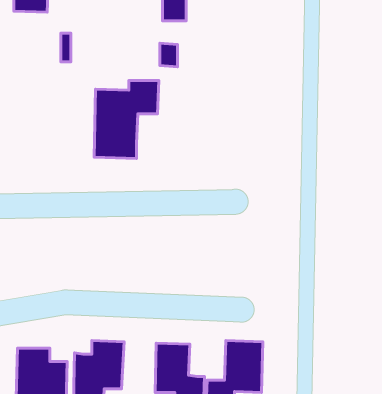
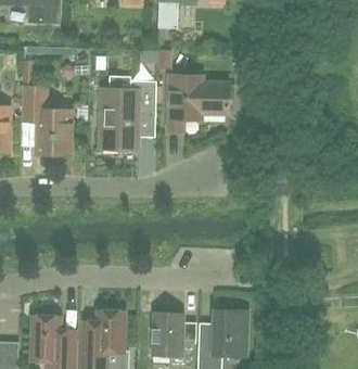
building: none -> [23,60,69,154]
building: none -> [167,76,234,132]

